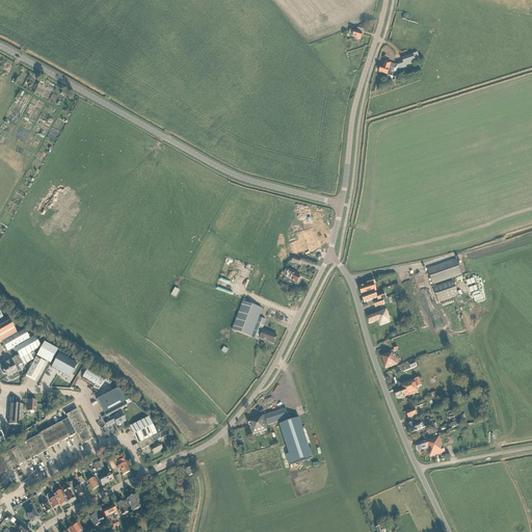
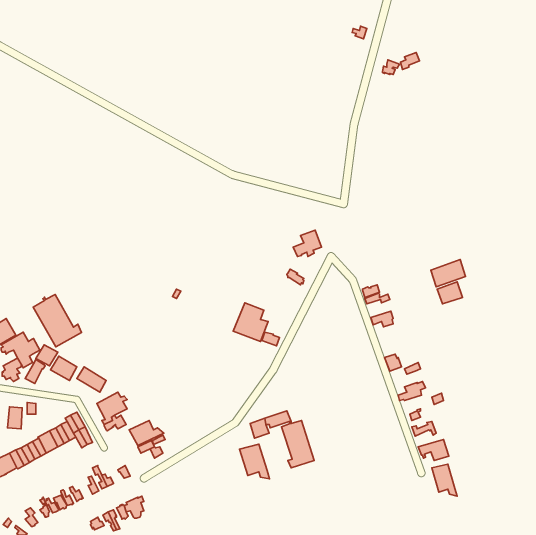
building: none -> [33,295,81,347]
building: none -> [240,444,270,479]
building: none -> [432,464,457,496]

